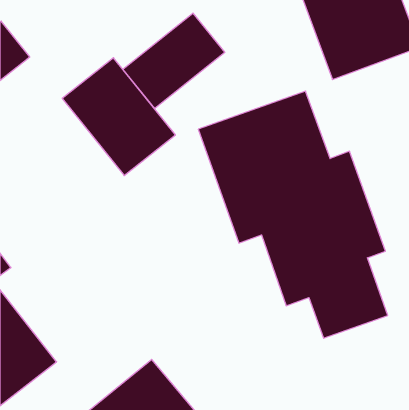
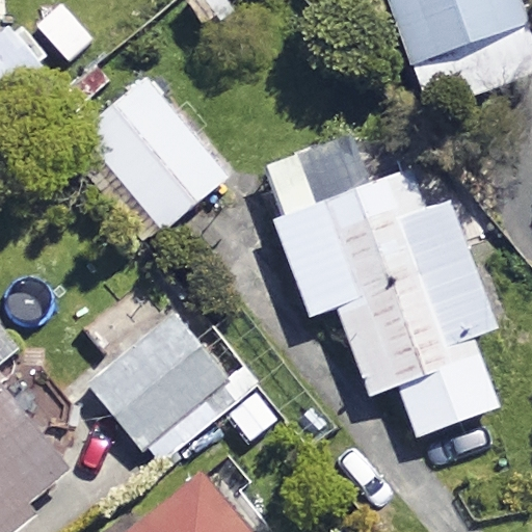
building: [123,13,225,108] -> none
building: none -> [88,315,225,454]

